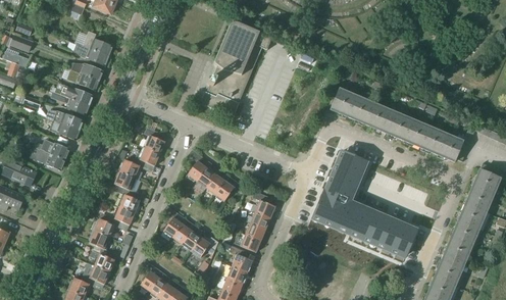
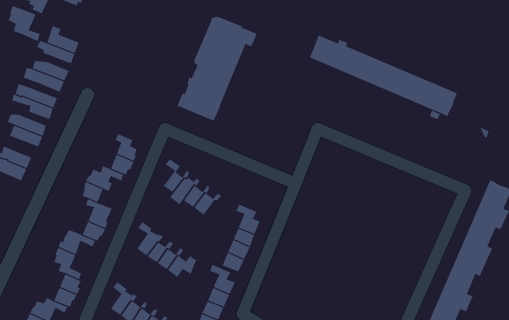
building: none -> [8,5,40,42]
building: [330,89,462,162] -> [309,35,457,117]
building: [311,154,417,263] -> none

